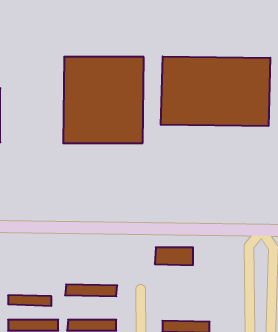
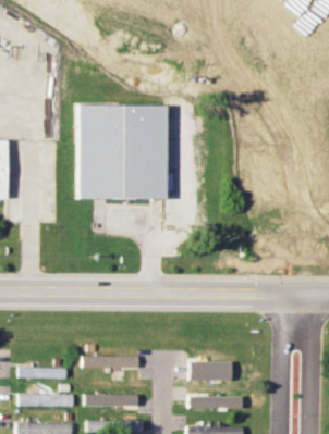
building: [161,56,270,126] -> none
building: [155,247,193,265] -> [187,362,230,382]

